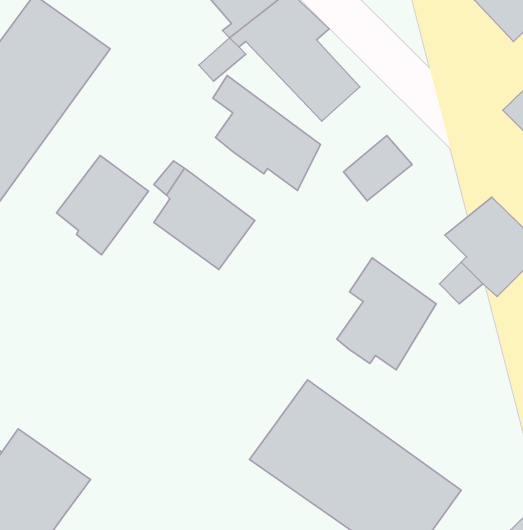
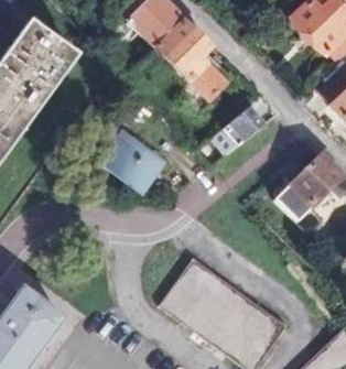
building: [213,75,321,190] -> none
building: [57,155,148,255] -> none
building: [337,258,436,370] -> none

